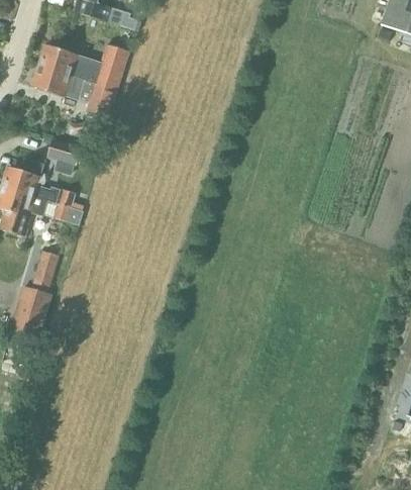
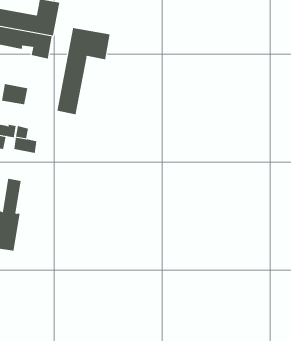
building: none -> [57,27,110,115]

